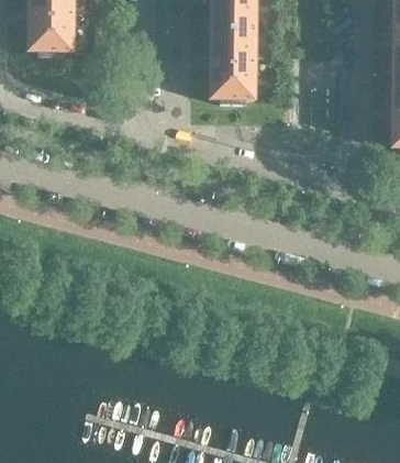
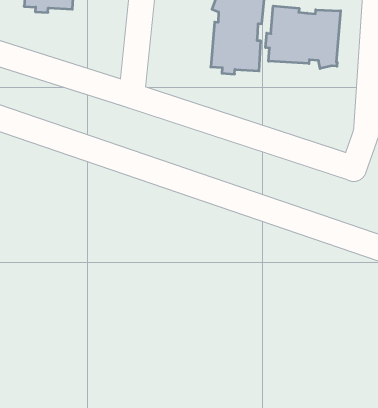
building: none -> [266,6,341,69]

